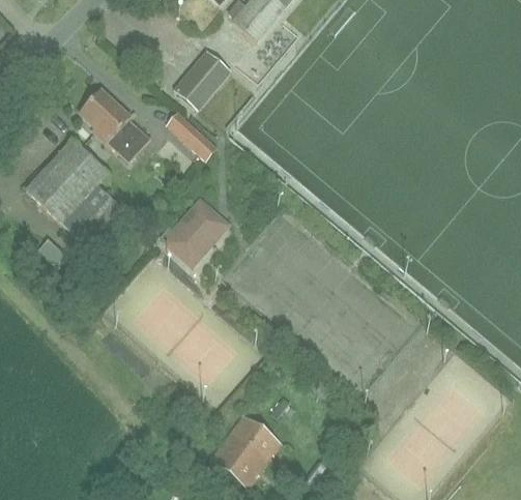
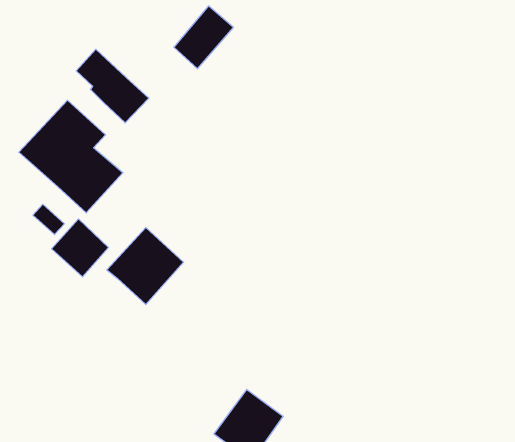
building: [166,111,215,159] -> none
building: [154,192,228,265] -> [107,228,184,305]
building: none -> [52,219,108,277]

